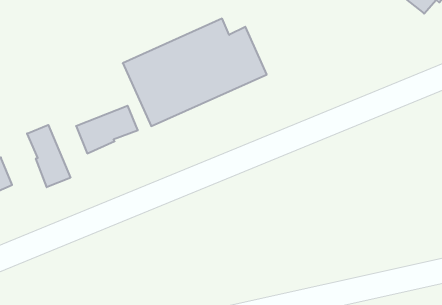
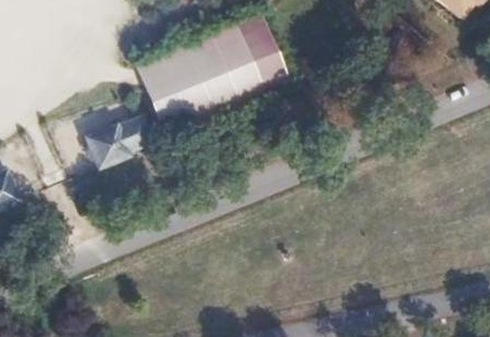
building: [27,125,70,187] -> none

